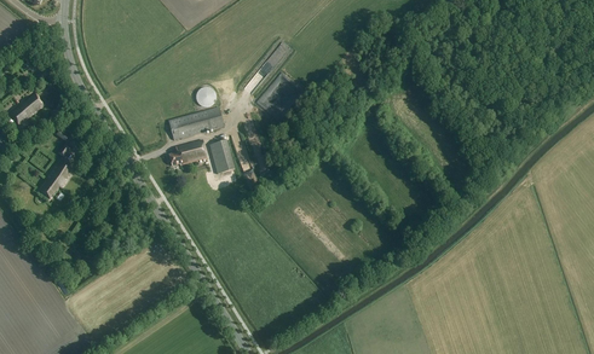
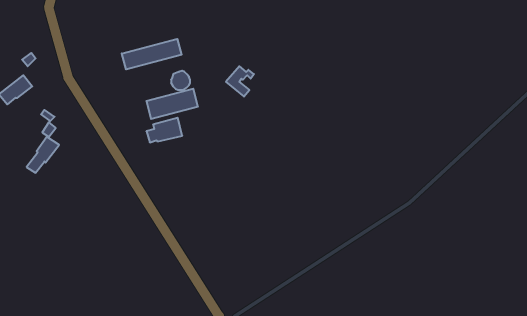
building: none -> [122,39,182,69]
building: [208,140,233,174] -> none

